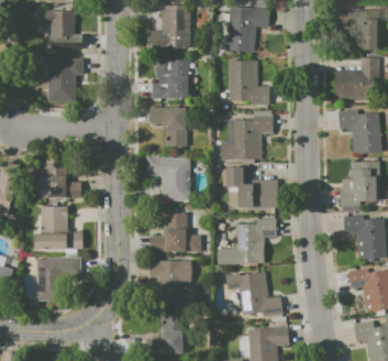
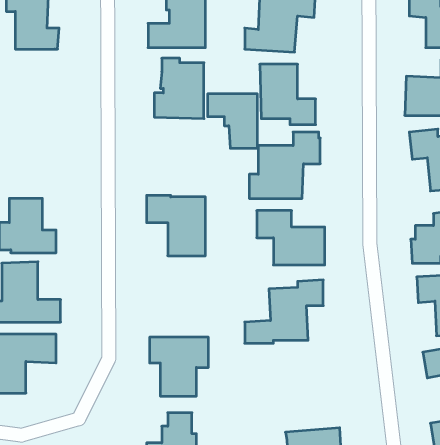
building: [48,58,82,102] -> none
building: [149,107,186,146] -> [208,94,257,148]
building: [149,212,201,252] -> none
building: [226,272,282,317] -> none

